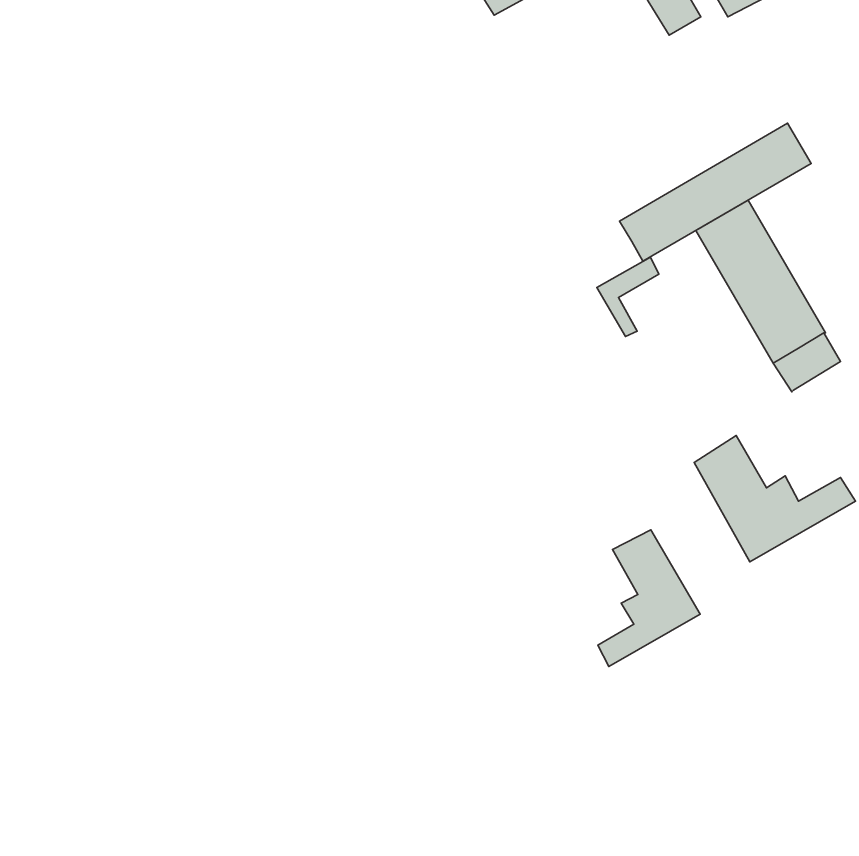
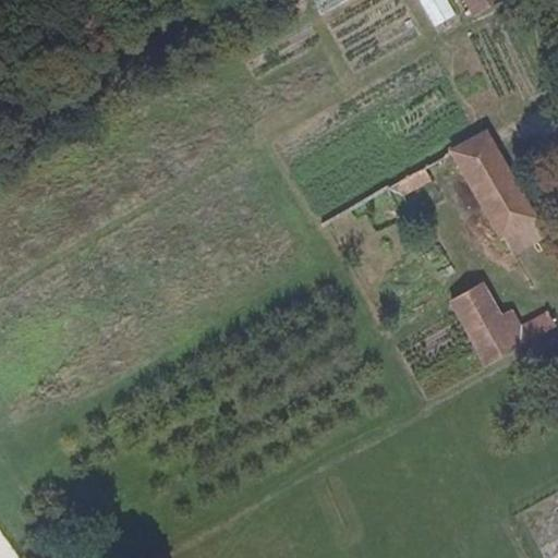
building: [619,123,811,261] -> none
building: [598,530,700,667] -> none

